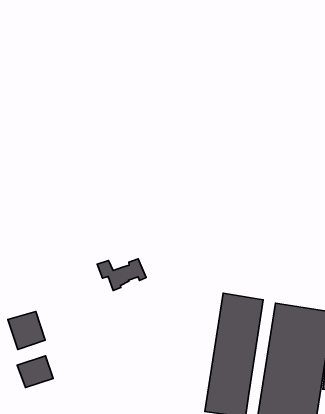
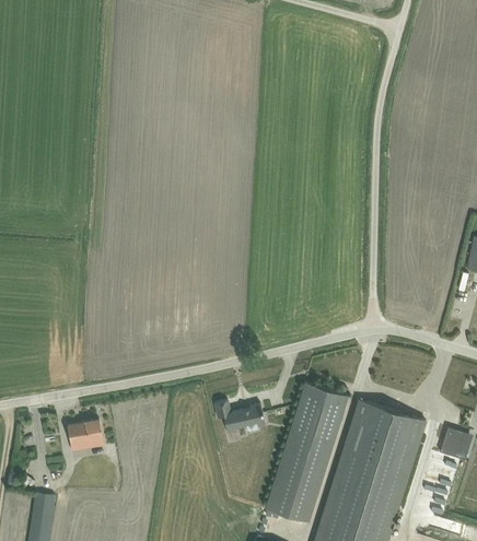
building: [97,259,146,291] -> [214,401,266,435]
building: [8,311,45,349] -> none

